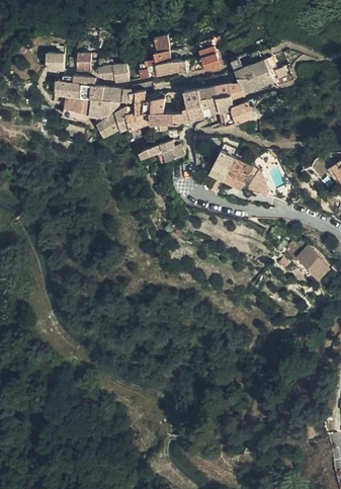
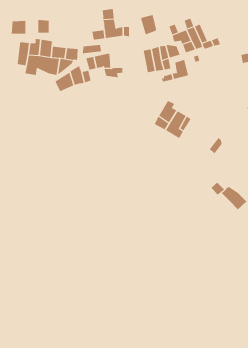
building: [98,64,130,82] -> none
building: [184,90,207,121] -> none
building: [140,143,186,164] -> none

